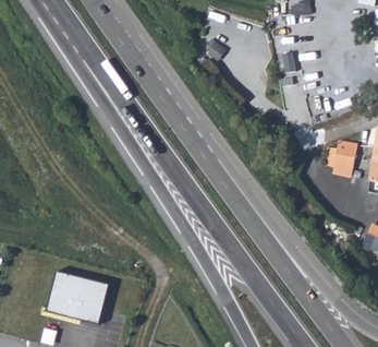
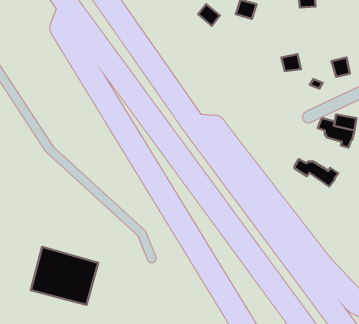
building: none -> [294,159,338,187]

